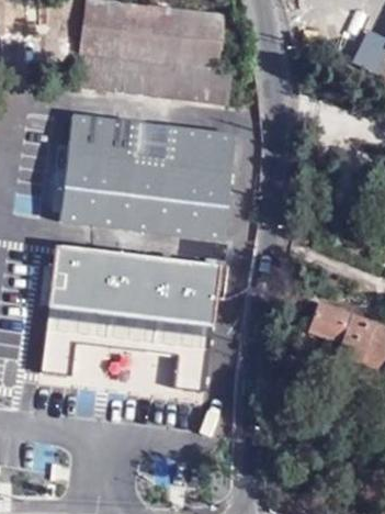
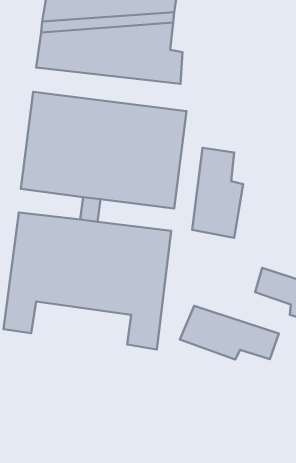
building: none -> [192,148,243,238]
building: none -> [180,306,279,359]

